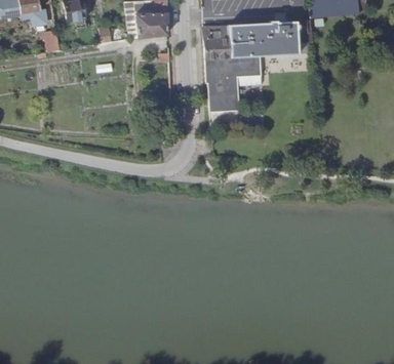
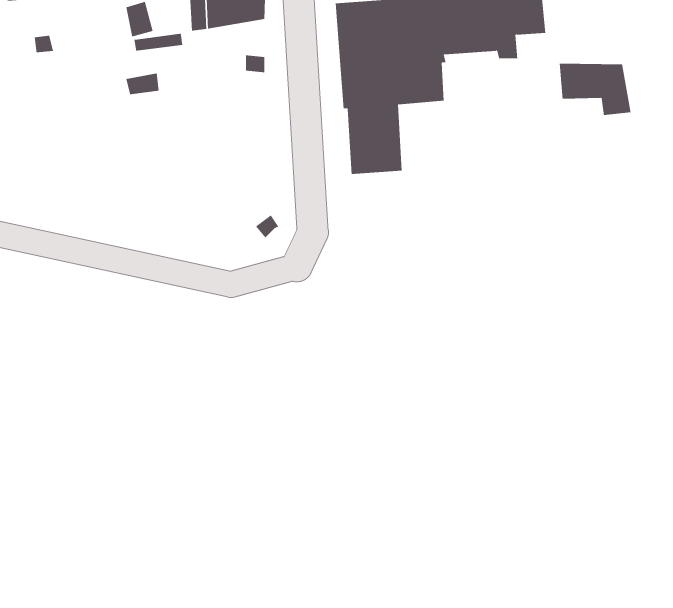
building: none -> [559,63,631,116]

